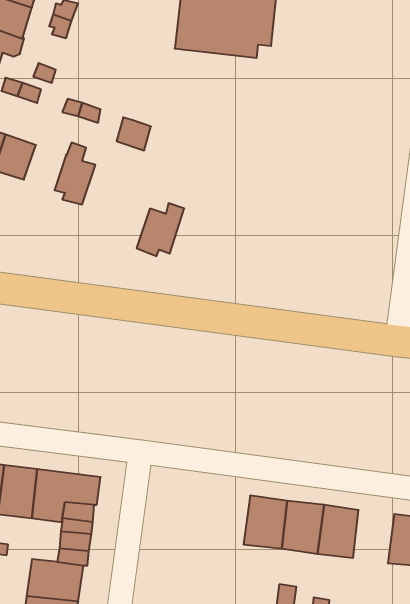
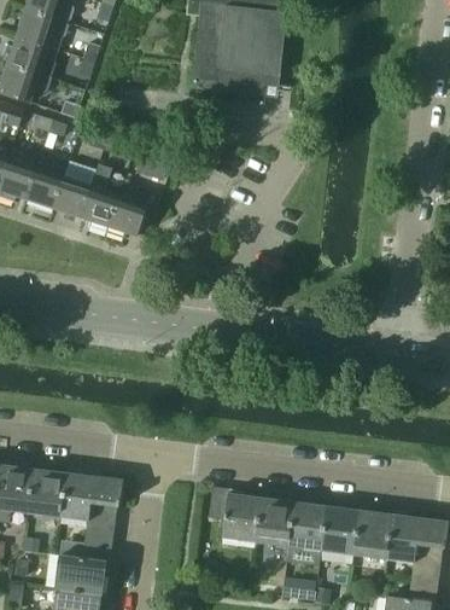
building: none -> [53,176,92,217]
building: [137,203,184,256] -> [106,190,150,238]
building: none -> [209,487,259,541]
building: none -> [353,510,391,558]

